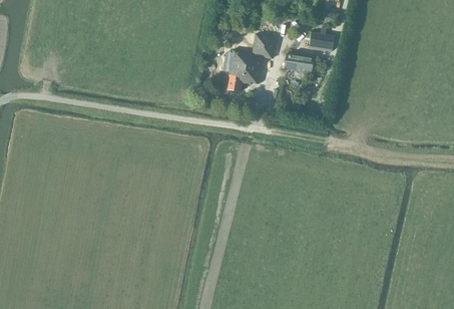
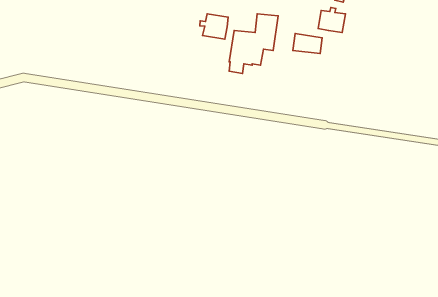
building: none -> [200,14,228,39]

